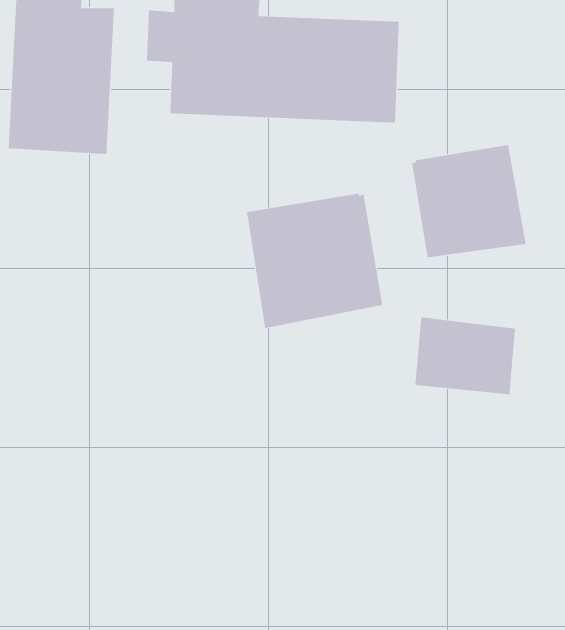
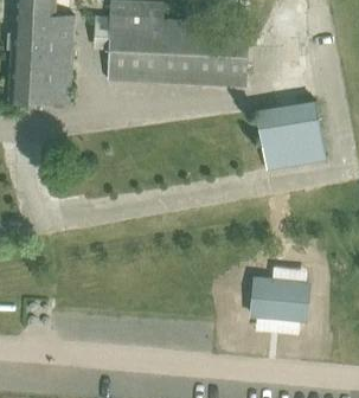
building: [246,193,383,329] -> none
building: [415,317,516,395] -> [250,276,312,323]

